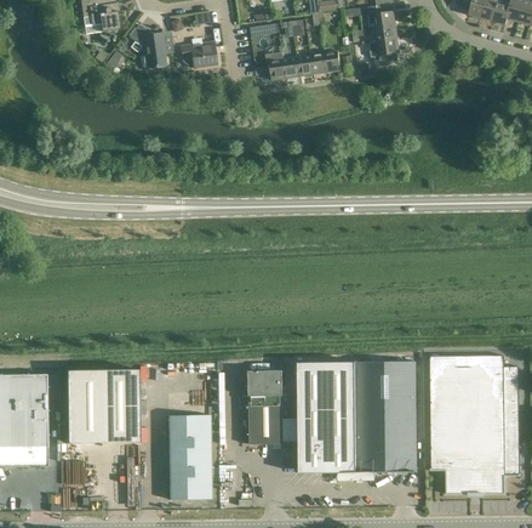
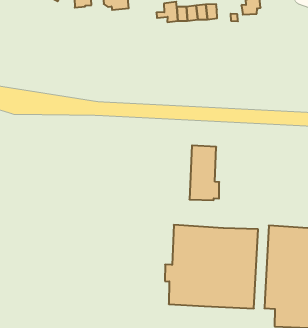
building: [65,370,138,444] -> none
building: [247,370,290,445] -> [189,145,219,200]
building: [167,414,211,500] -> none

